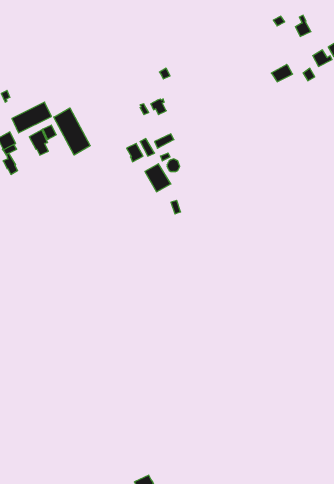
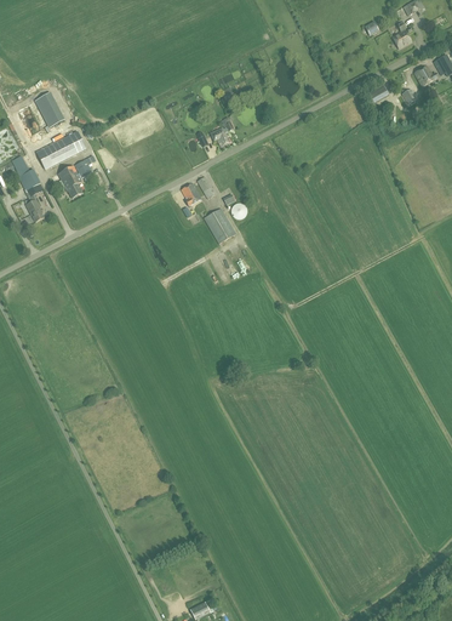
building: none -> [34,91,63,126]
building: [54,108,90,155] -> none

